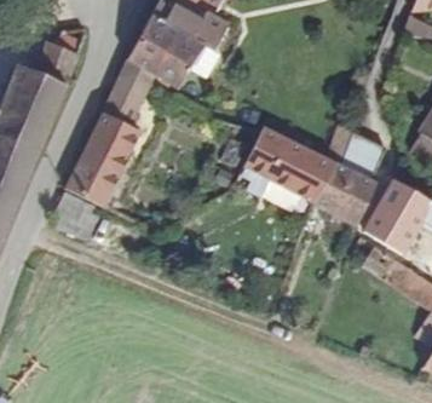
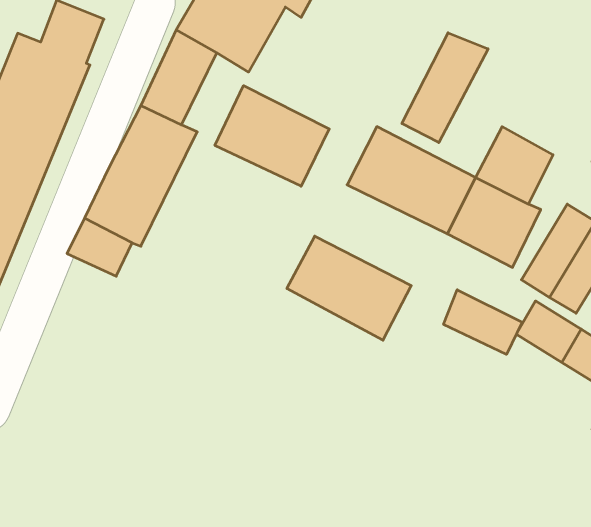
building: none -> [402,33,488,143]
building: none -> [215,86,329,186]
building: none -> [287,236,411,340]
building: none -> [444,290,522,354]

